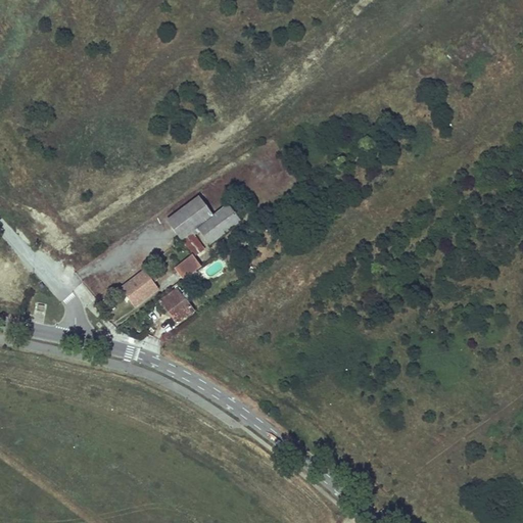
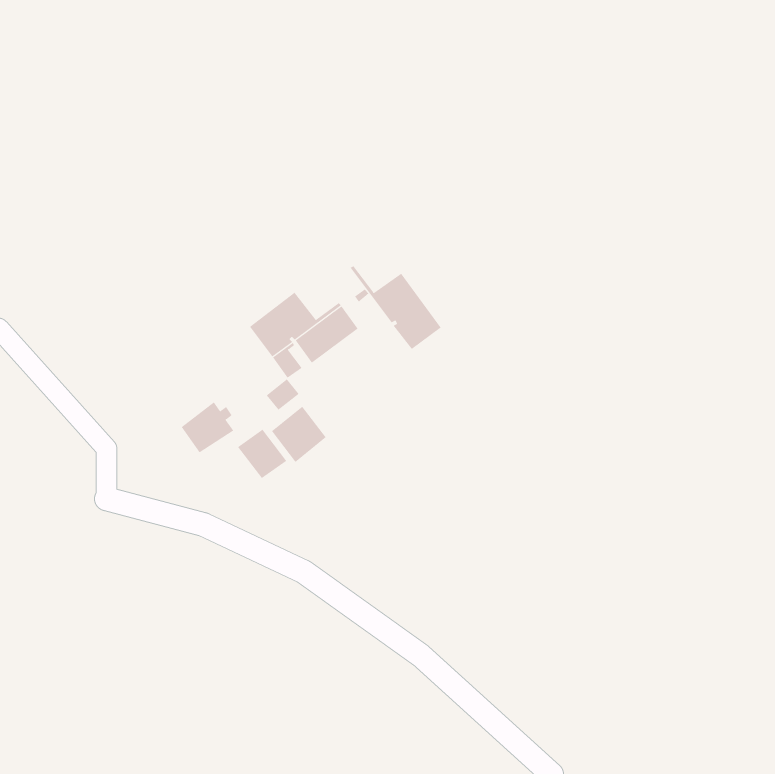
building: none -> [350,265,441,350]
building: none -> [271,406,327,463]

